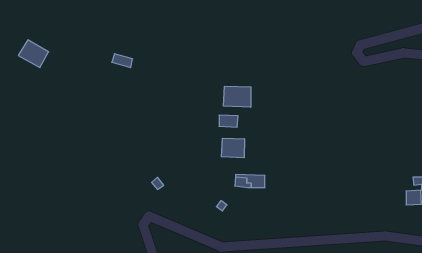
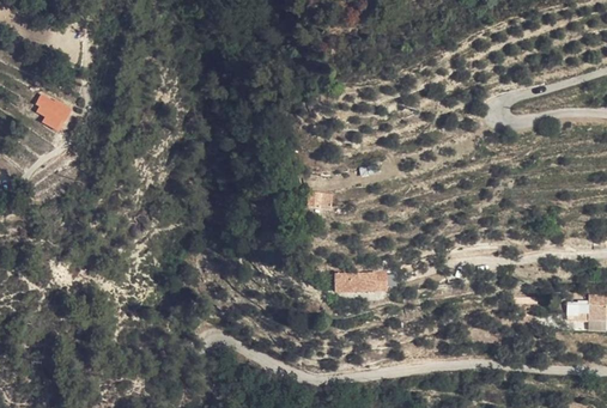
building: [224,86,251,107] -> none
building: [221,138,244,158] -> none

